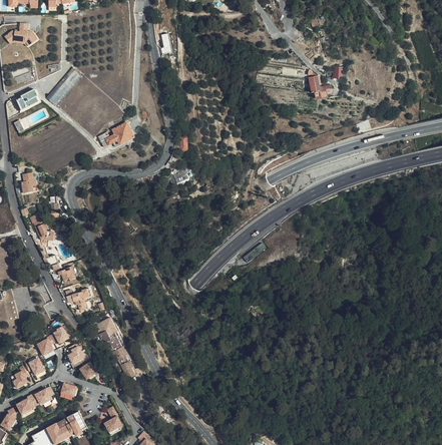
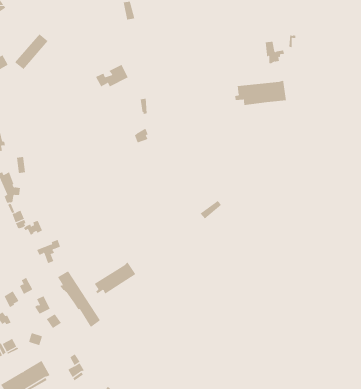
building: none -> [235,80,286,106]
building: [98,122,133,146] -> [95,64,129,87]
building: none -> [94,261,136,294]

